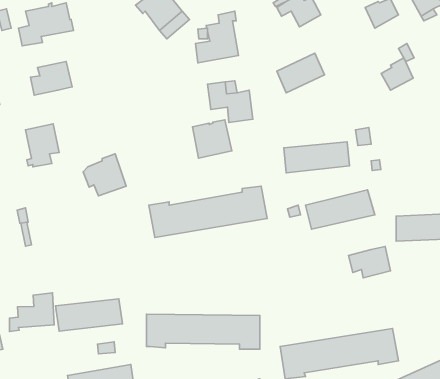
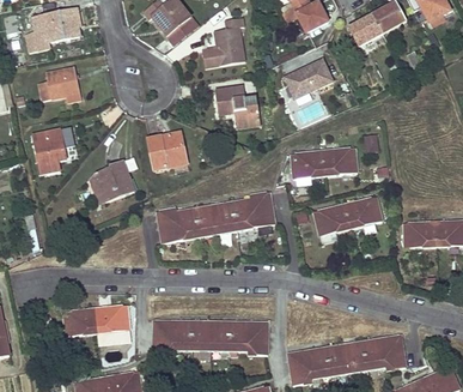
building: [381,58,413,90] -> [349,13,382,46]
building: [192,120,232,158] -> [147,132,187,170]
building: [348,247,391,278] -> none
building: [9,293,54,331] -> none

